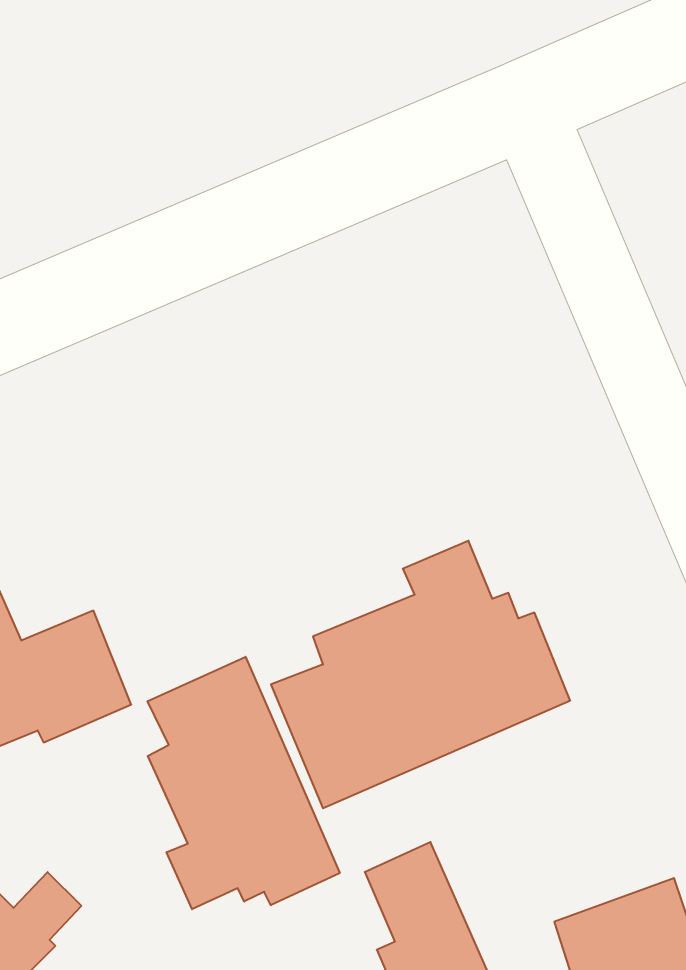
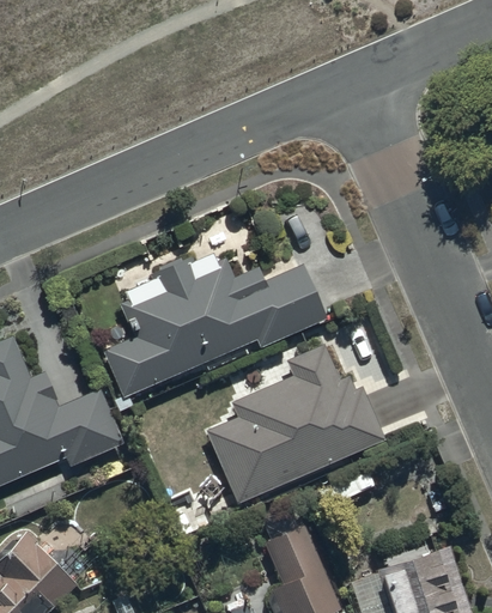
building: none -> [103,256,326,397]
building: [148,657,340,909] -> none

